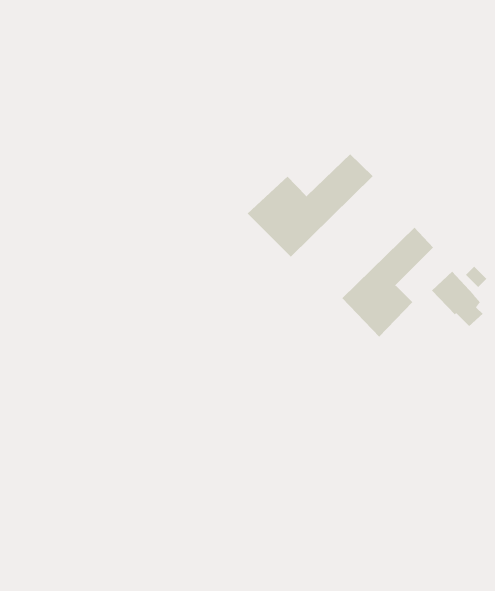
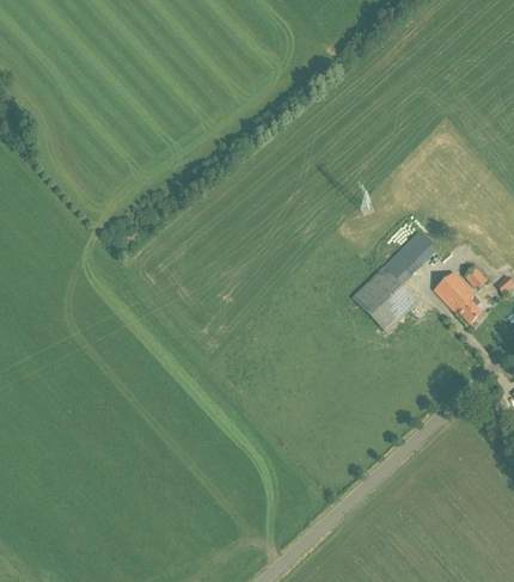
building: [247,154,373,257] -> none

